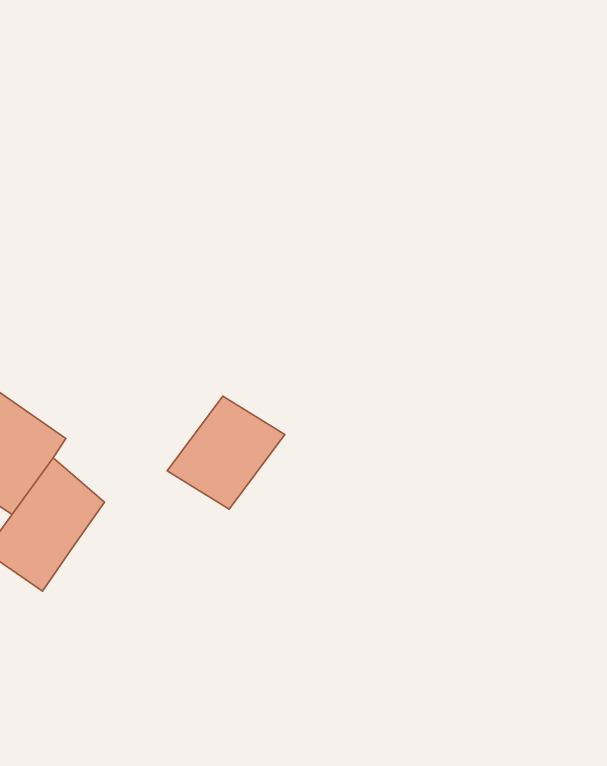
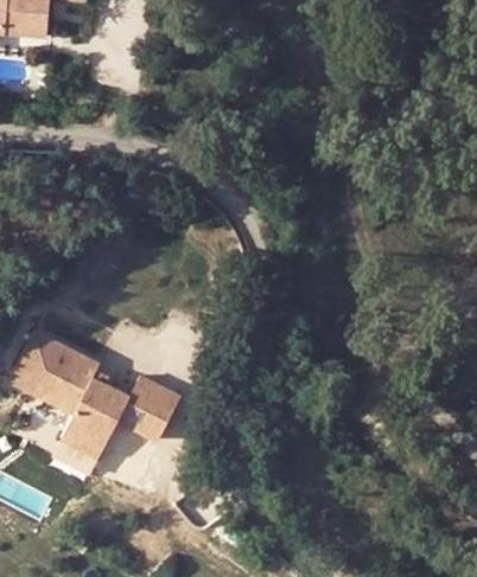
building: [167,396,285,509] -> [112,378,180,447]

